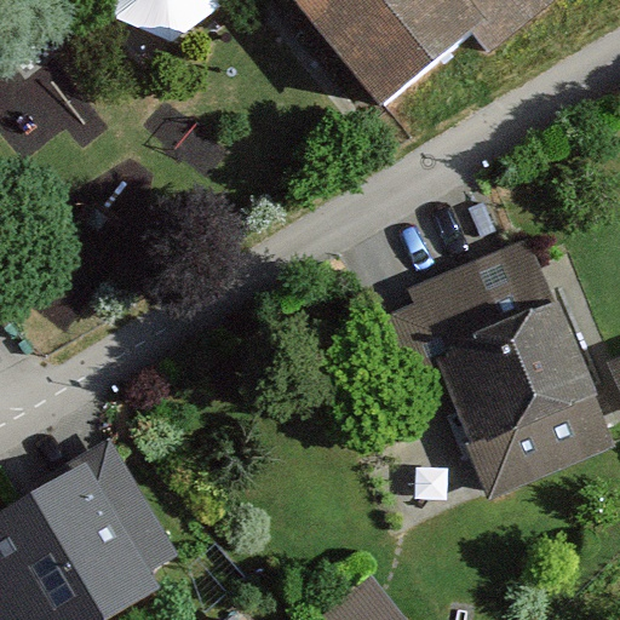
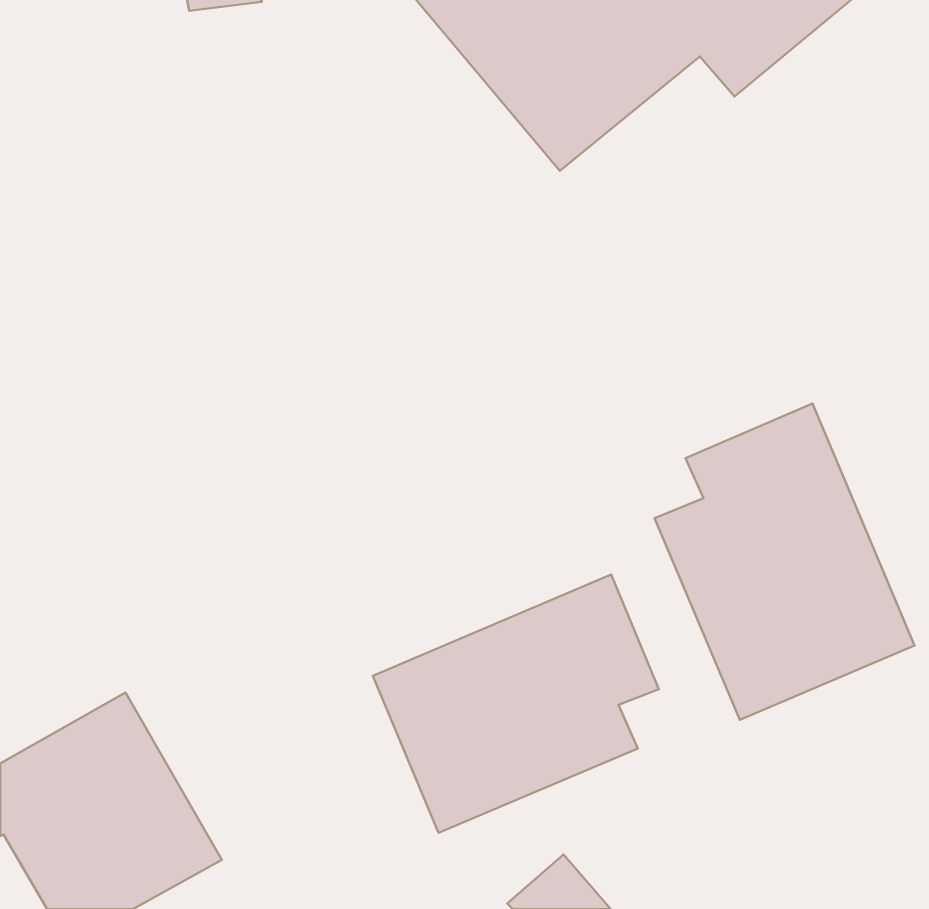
building: none -> [373,575,659,833]

